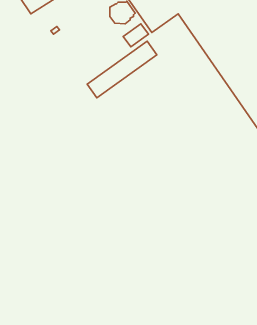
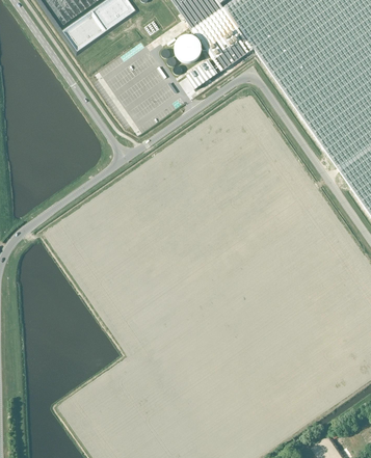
building: [87,41,157,98] -> none

